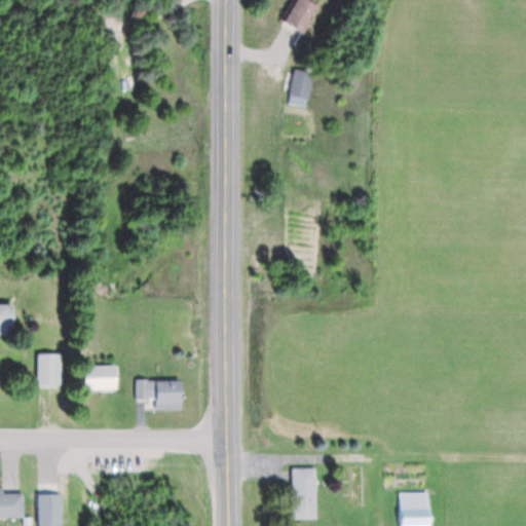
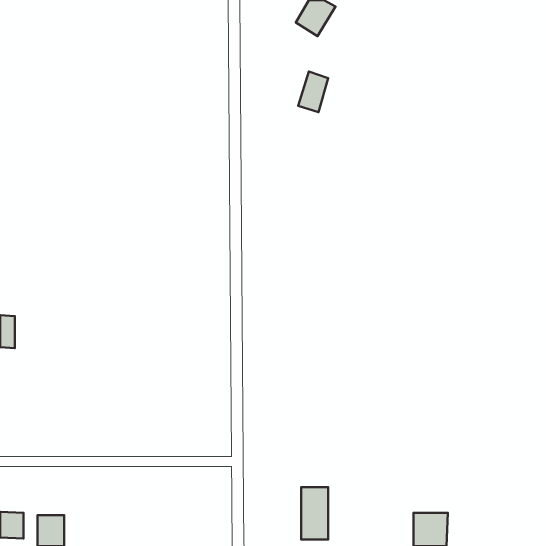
building: [36,354,62,388] -> none
building: [86,366,118,391] -> none
building: [137,380,184,410] -> none

